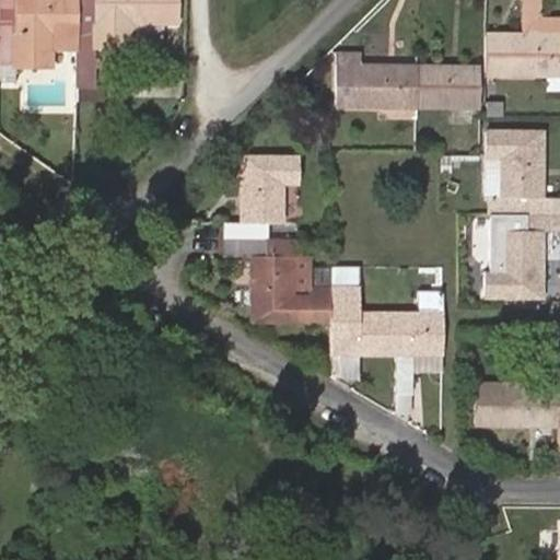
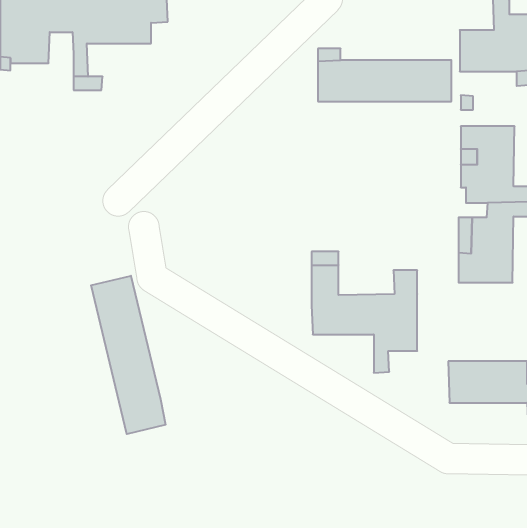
building: [223,154,331,323] -> none
building: none -> [91,276,166,434]

